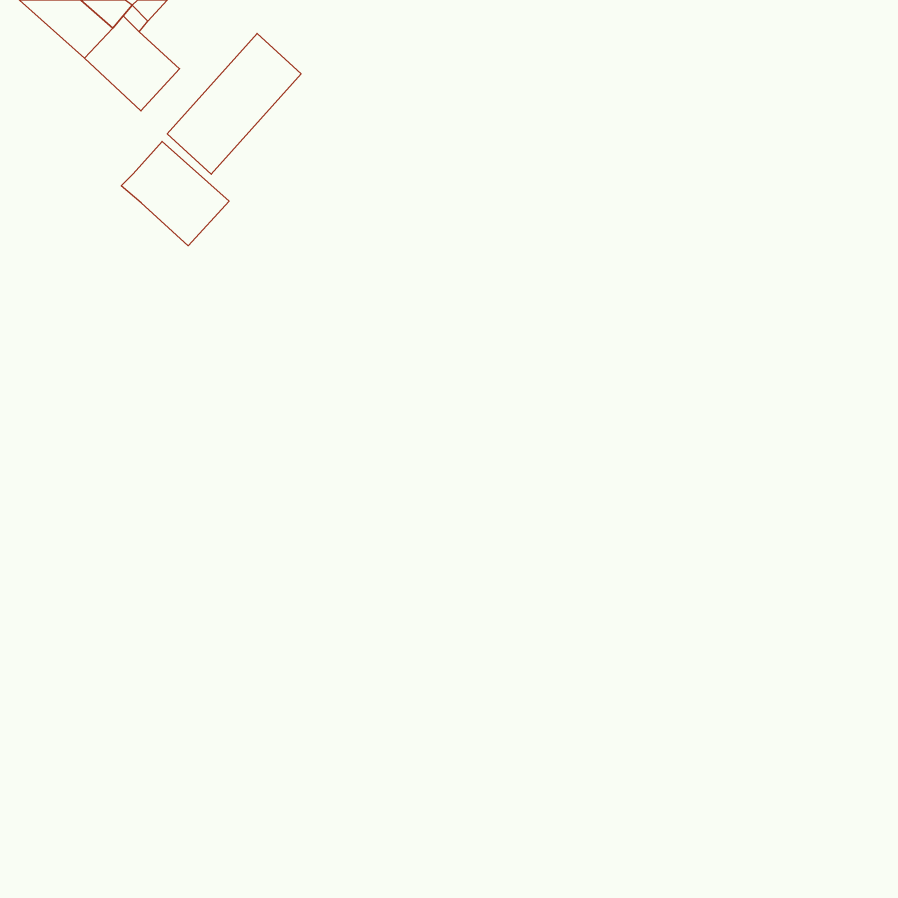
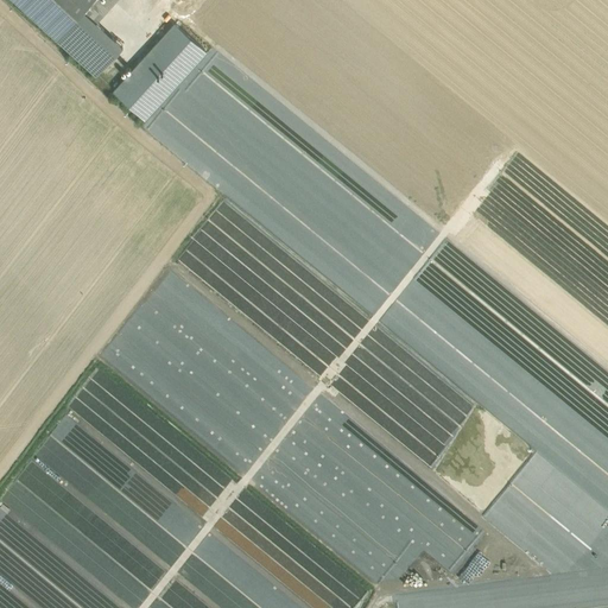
building: [121,141,229,246] -> none

